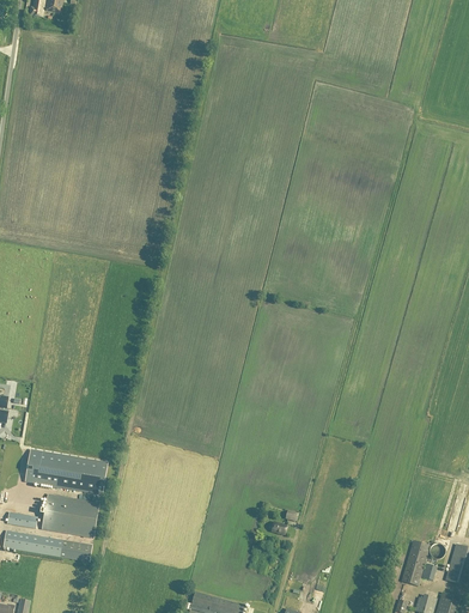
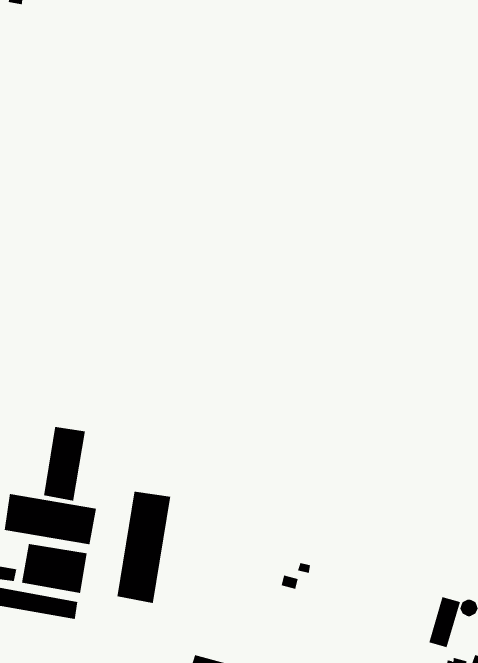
building: none -> [43,426,85,501]
building: none -> [117,491,171,604]

